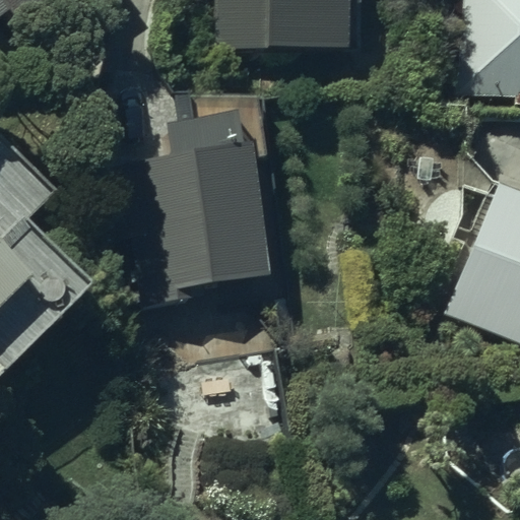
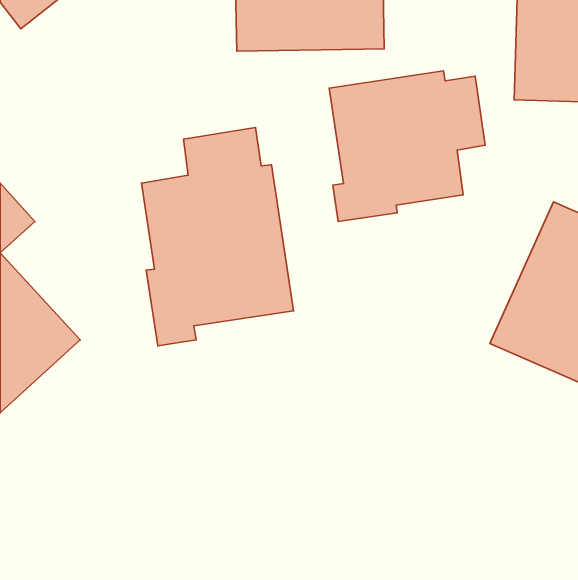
building: none -> [329,71,485,222]

